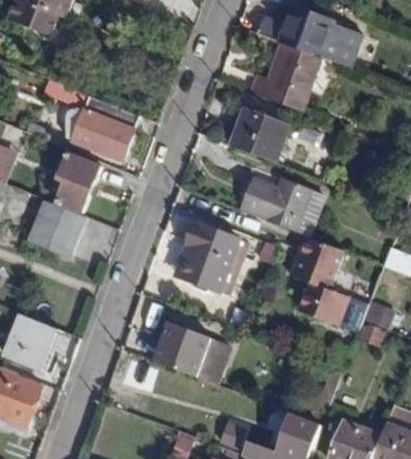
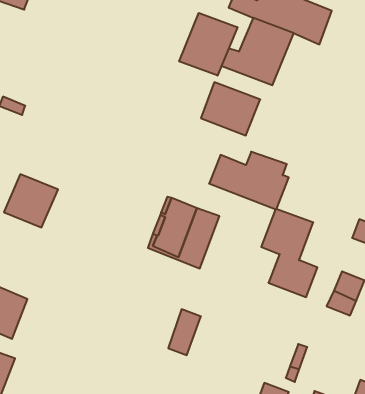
building: none -> [179,13,237,76]
building: [52,83,140,159] -> none
building: [58,153,102,211] -> none
building: [153,322,210,376] -> none

